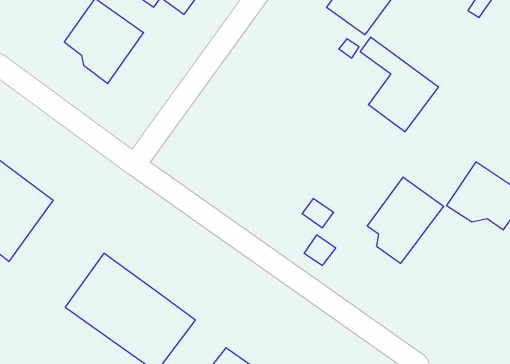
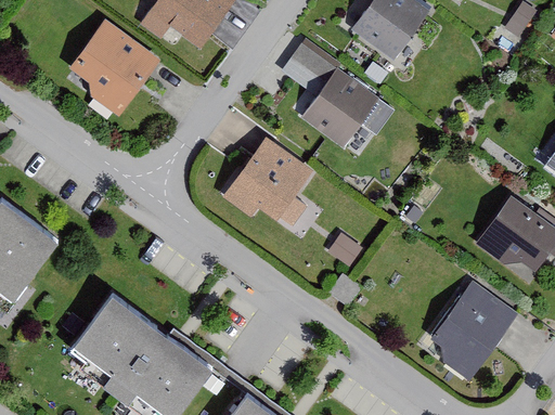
building: [360,37,439,132] -> [296,41,379,142]
building: none -> [222,141,308,221]
building: [367,177,444,263] -> [431,285,513,377]

